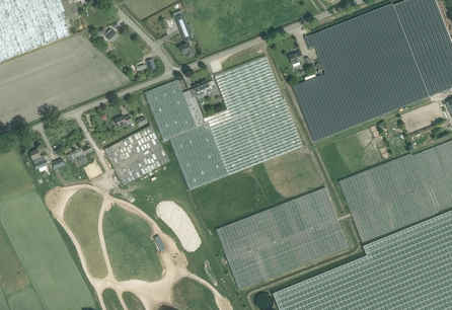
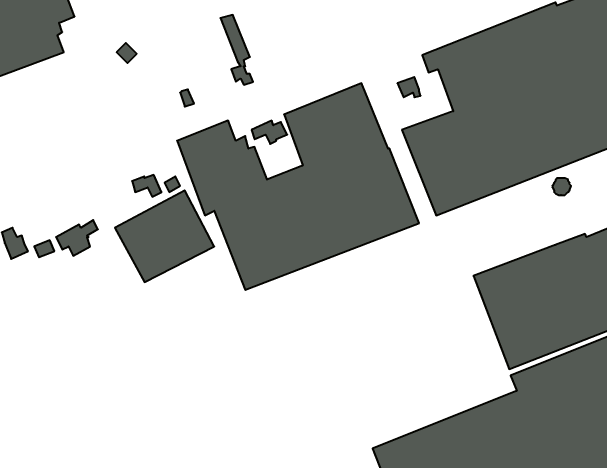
building: [216,187,349,290] -> none

